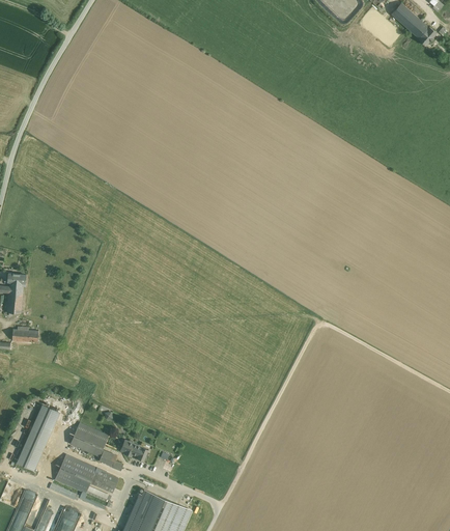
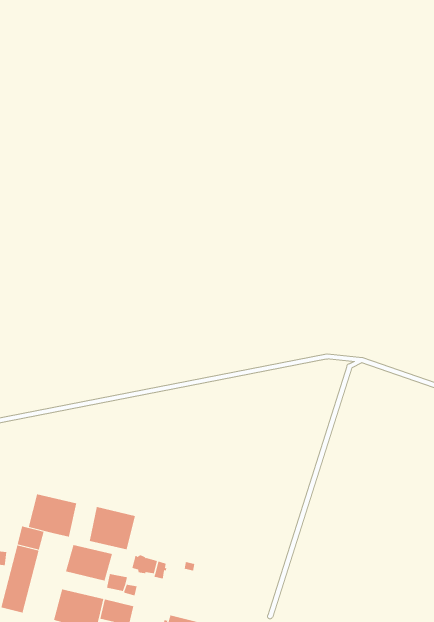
building: none -> [28,493,77,538]
building: none -> [89,506,135,550]

